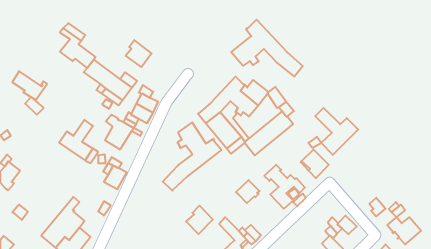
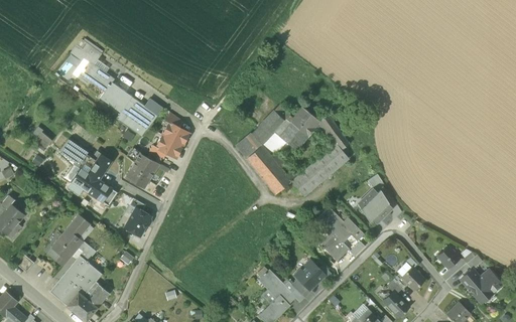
building: [231,20,303,77] -> none
building: [126,40,152,67] -> none
building: [12,71,47,100] -> [59,139,101,173]
building: [315,108,358,155] -> none
building: [163,122,221,191] -> none
building: none -> [50,214,90,268]
building: [236,180,260,203] -> [295,262,324,289]
building: [186,206,213,234] -> none

